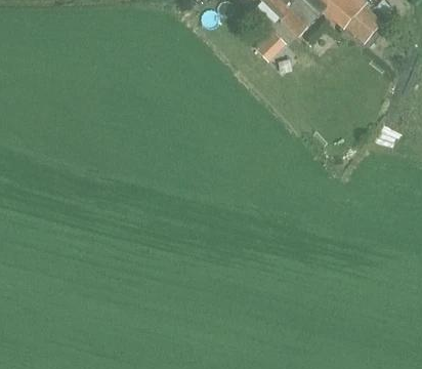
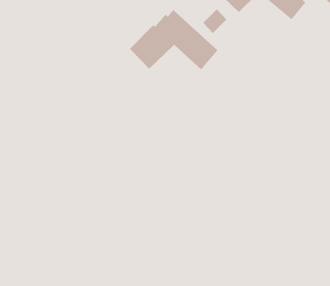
building: none -> [129,9,218,70]

